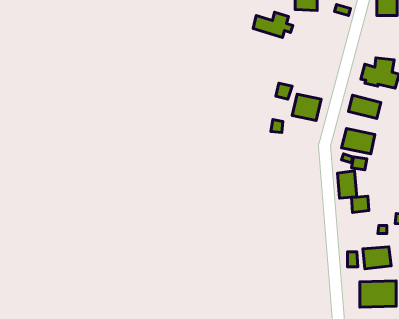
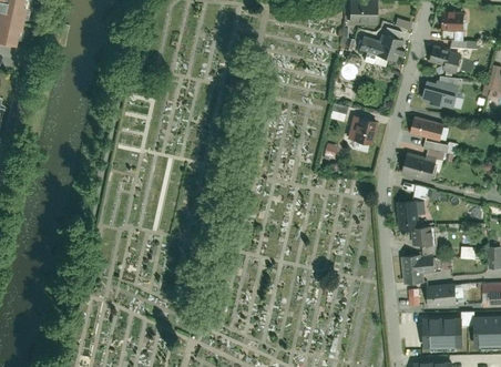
building: [253,12,293,38] -> [359,32,402,60]
building: none -> [430,45,460,73]
building: none -> [401,253,436,284]

